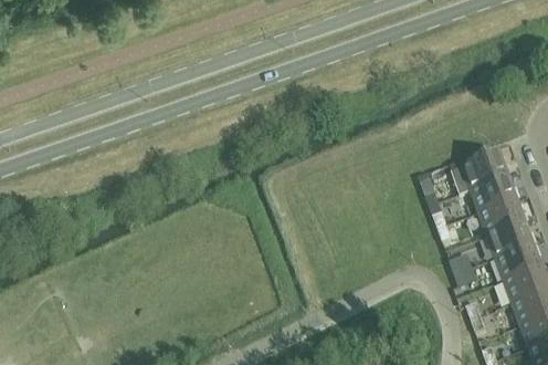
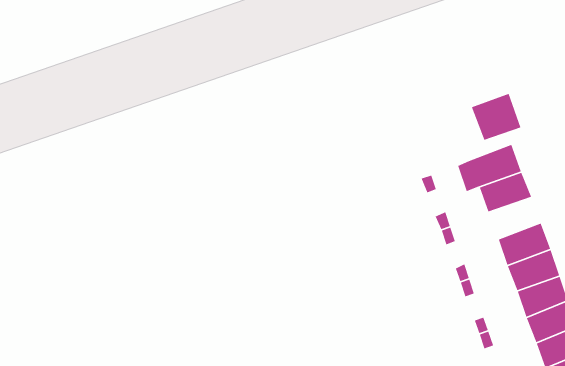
building: none -> [471,93,522,141]
building: [478,197,525,233] -> none

